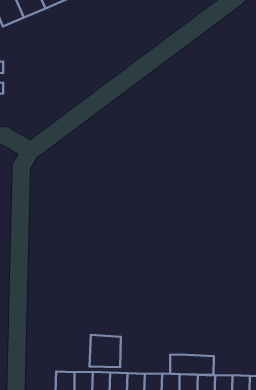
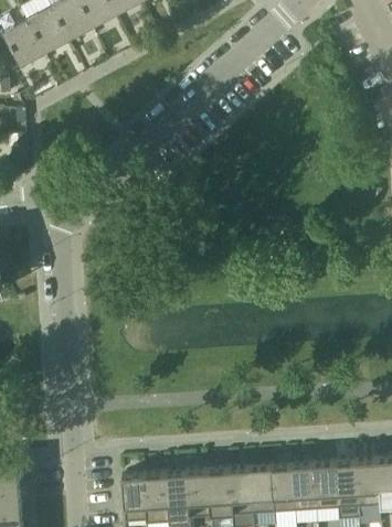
building: [89,335,121,367] -> none
building: [170,355,214,375] -> none

